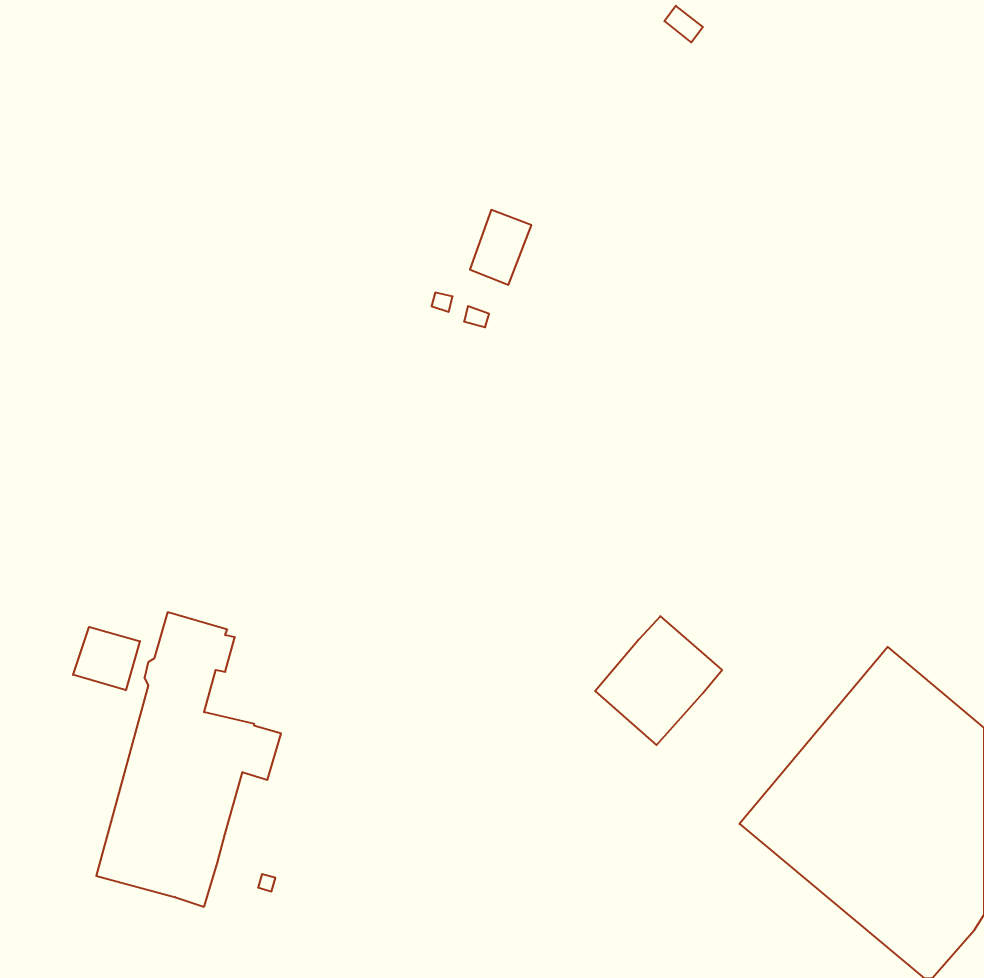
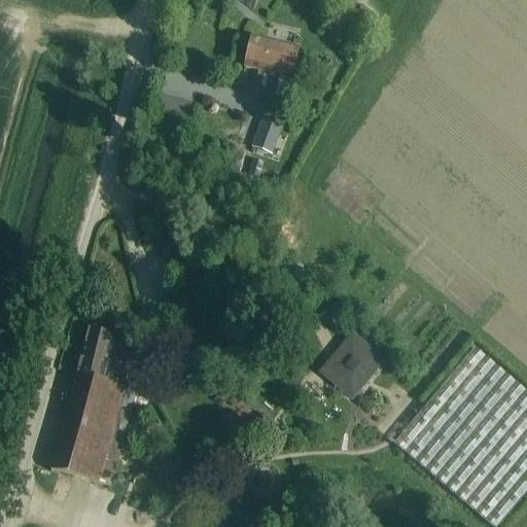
building: none -> [245,34,300,76]
building: [73,627,140,690] -> none

